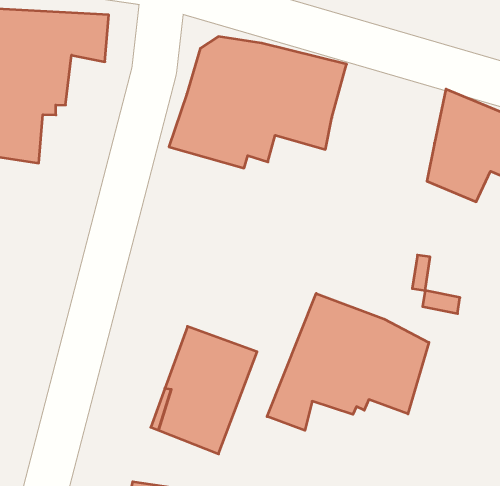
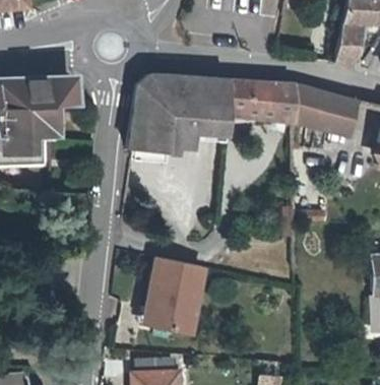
building: none -> [229,80,297,121]
building: [267,293,429,430] -> none

